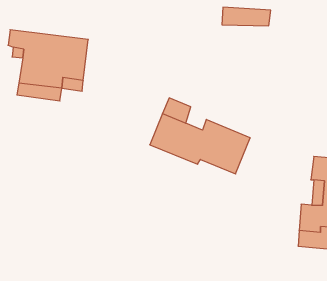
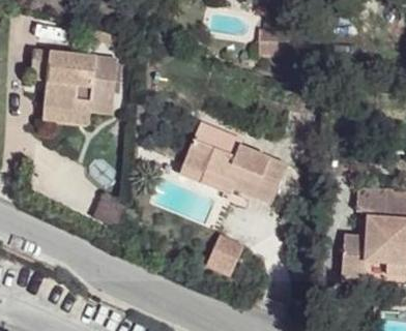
building: none -> [205,232,243,275]

